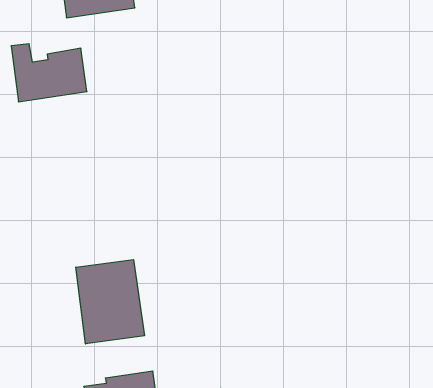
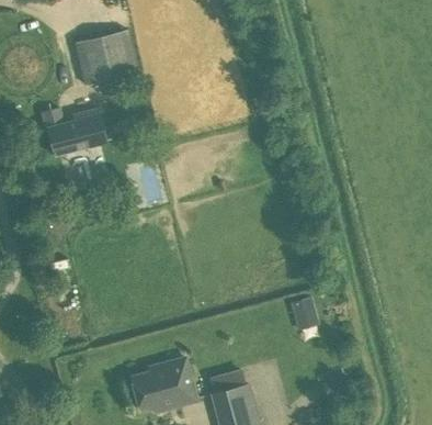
building: [76,260,144,344] -> none
building: none -> [289,297,319,331]

